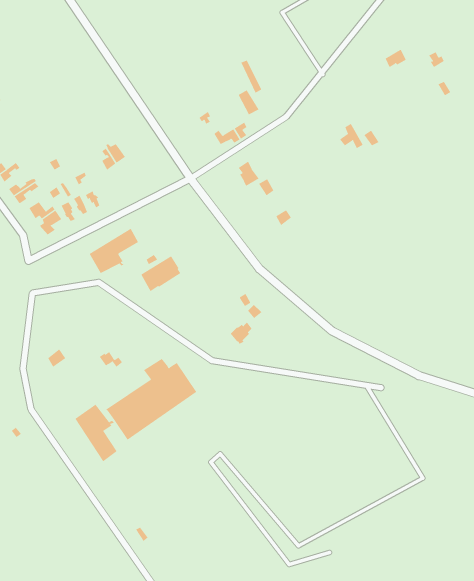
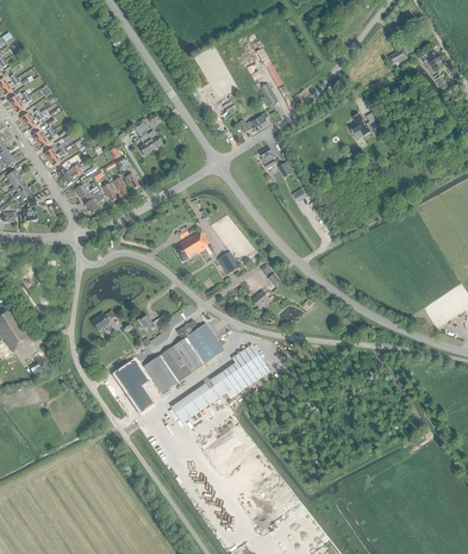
building: [89,228,139,274] -> none
building: none -> [171,344,269,423]

